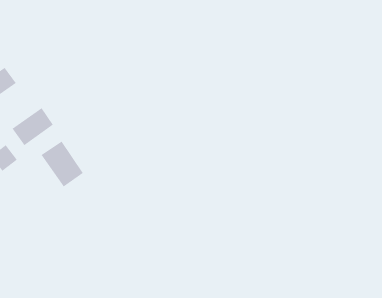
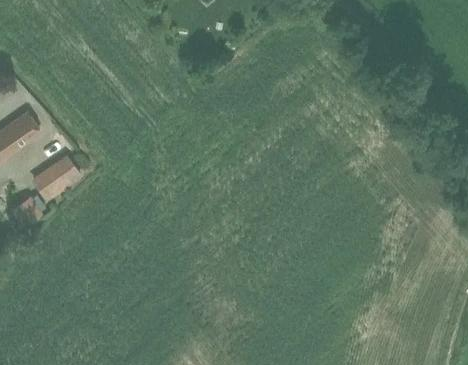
building: [41,141,84,188] -> none

